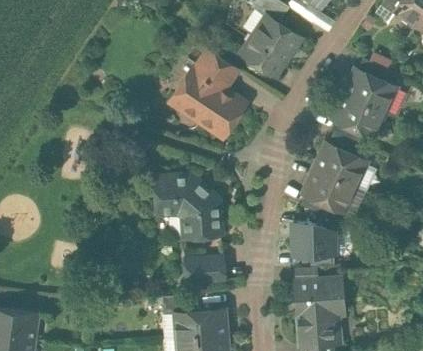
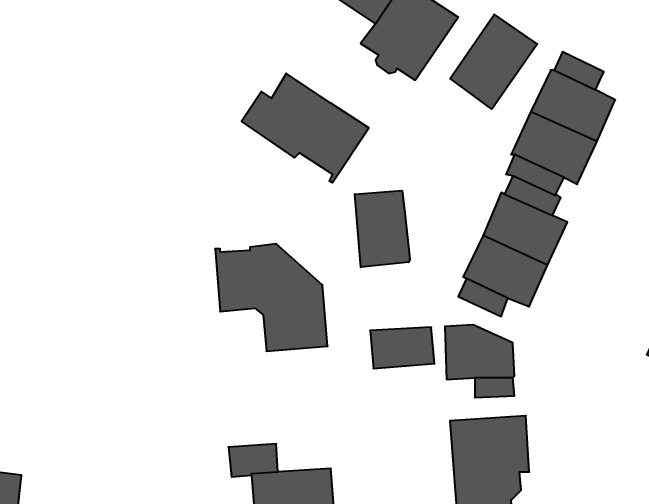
building: none -> [450,14,537,109]
building: [196,50,236,90] -> none
building: none -> [355,191,410,267]
building: [185,259,224,284] -> [370,327,435,369]

